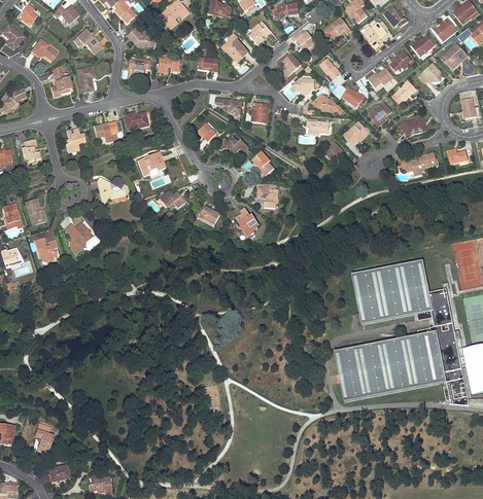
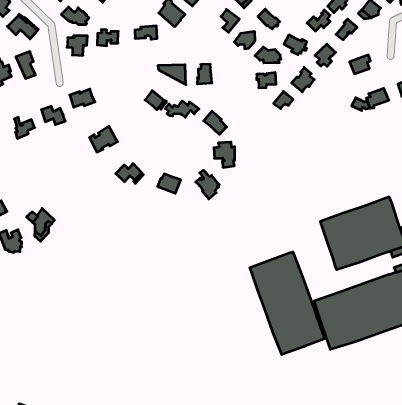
building: [96,176,127,203] -> none
building: none -> [250,252,325,355]

